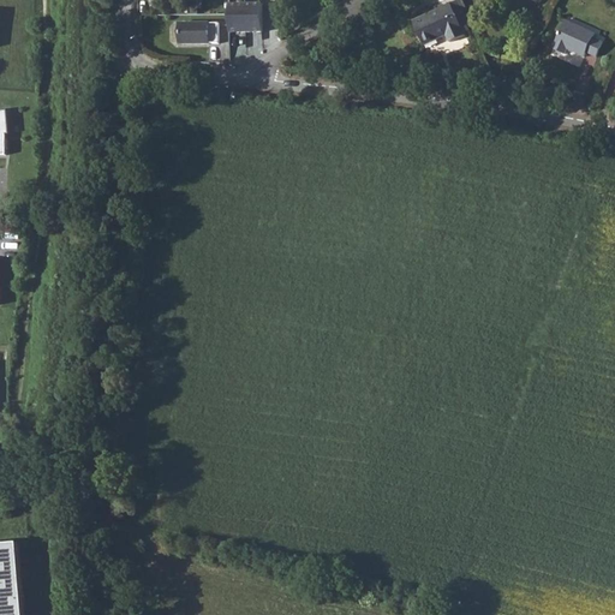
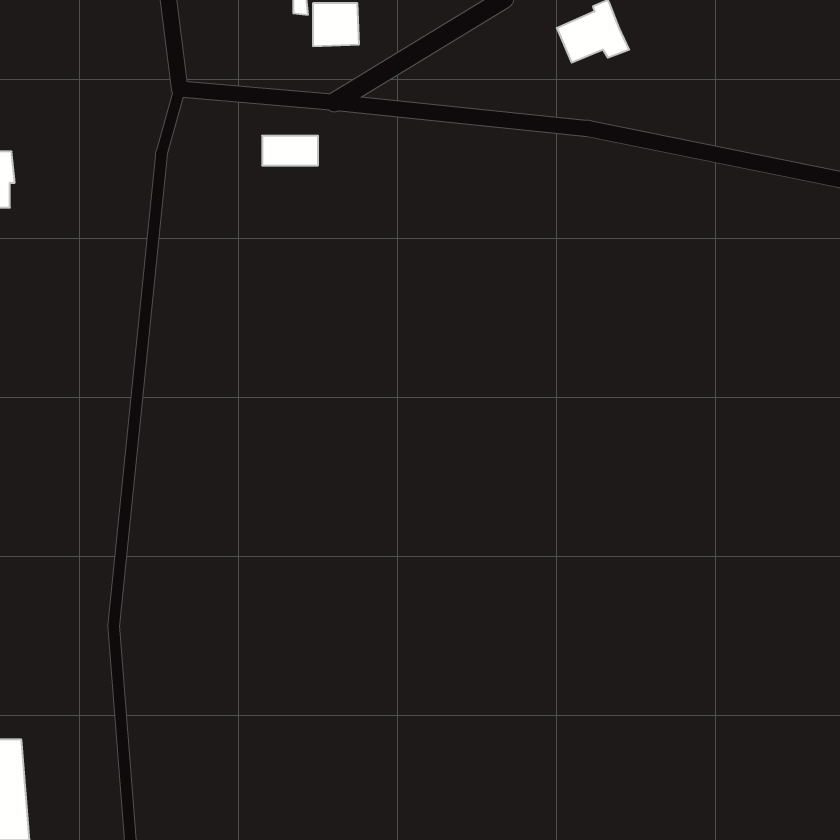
building: [545,19,597,58] -> none
building: [175,23,216,44] -> [262,136,318,165]

